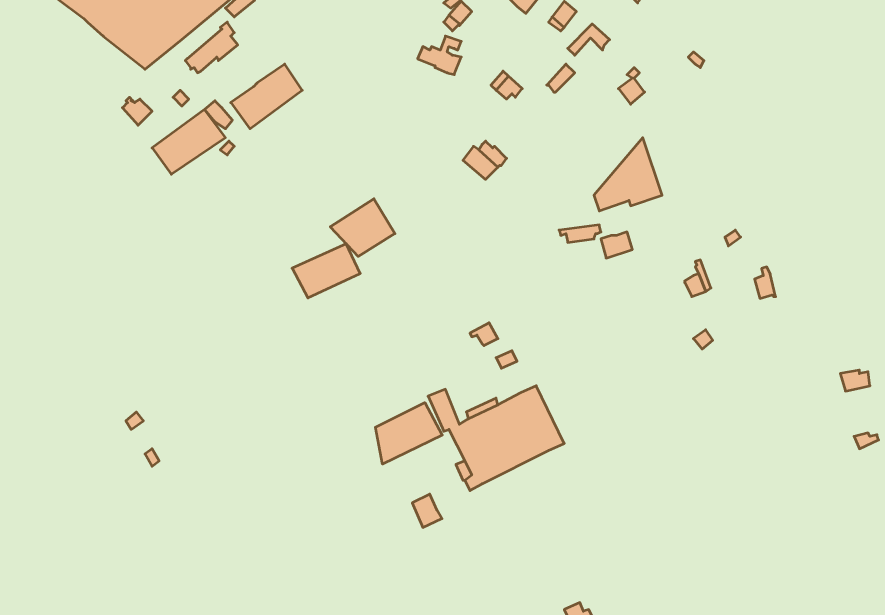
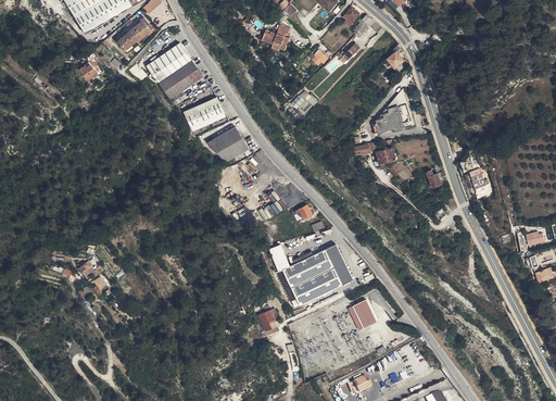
building: [152,110,225,174] -> [157,59,203,99]
building: [292,244,360,298] -> [182,97,225,130]
building: [375,403,442,464] -> none
building: none -> [348,299,376,329]

